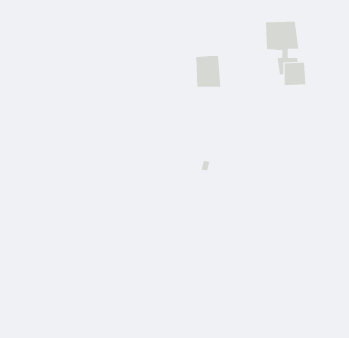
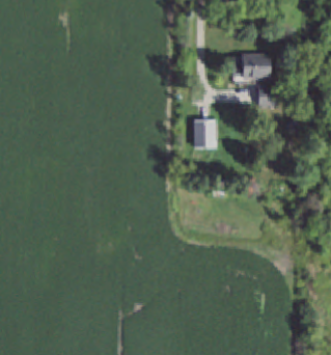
building: [195,55,221,87] -> [194,119,217,147]

